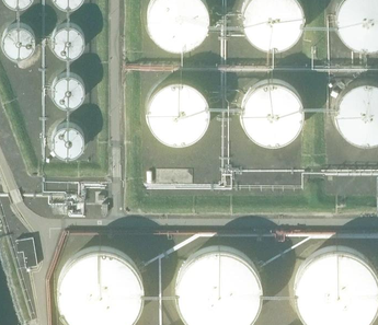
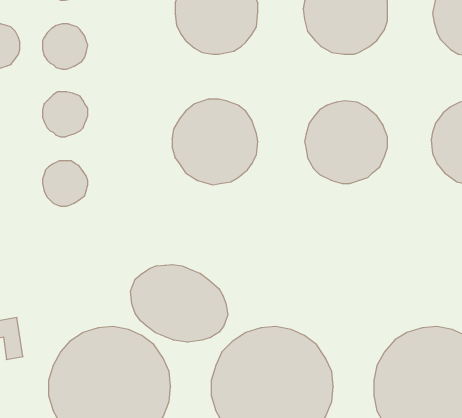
building: none -> [130,265,228,342]

